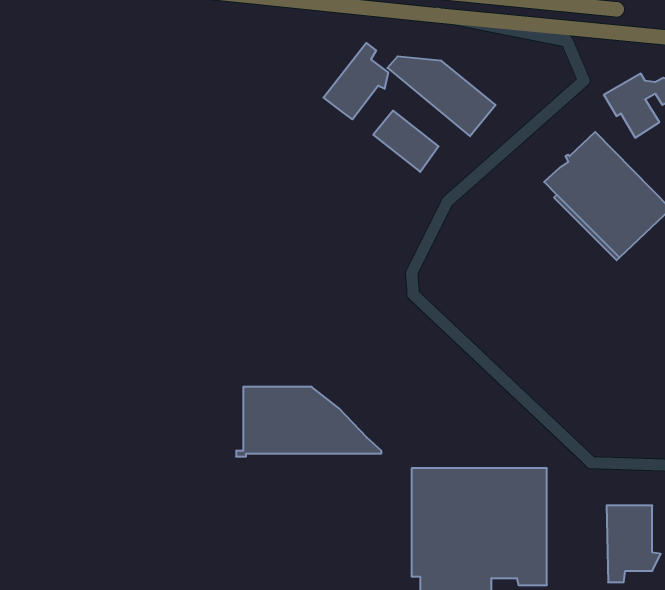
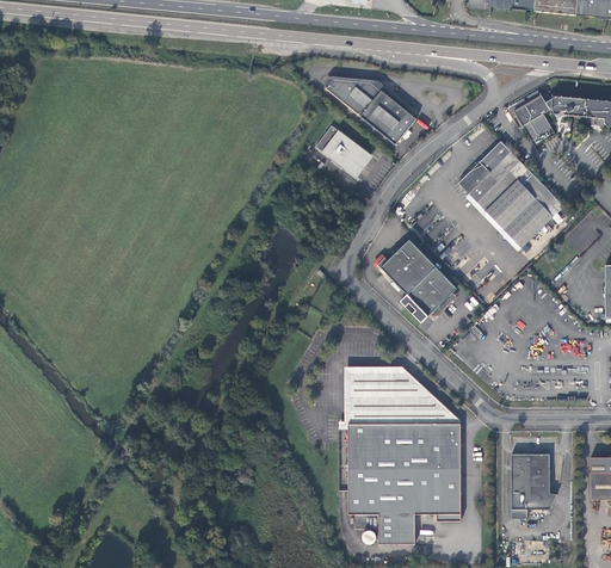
building: [323,43,388,119] -> none
building: none -> [377,239,455,314]
building: [236,387,381,457] -> [338,365,459,424]

